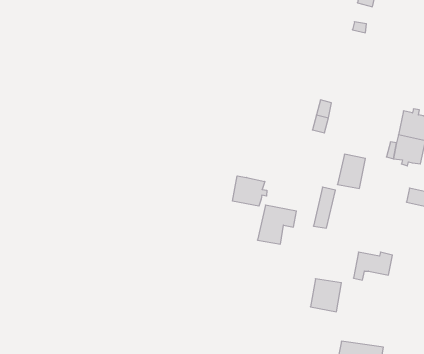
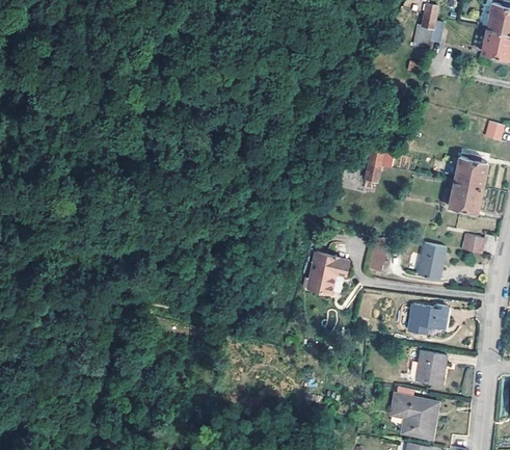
building: [337,154,365,188] -> [418,243,447,279]
building: [233,176,267,206] -> none
building: [310,279,341,312] -> [414,350,447,385]

